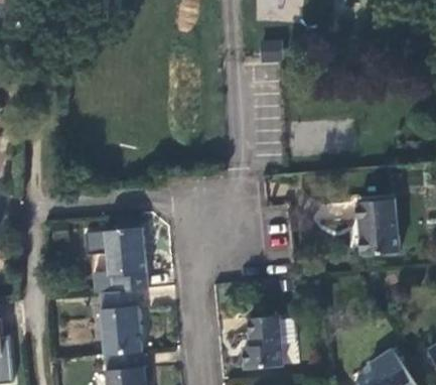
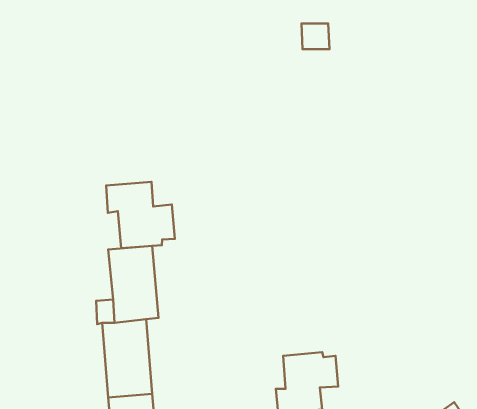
building: none -> [106,182,175,248]
building: [354,198,394,252] -> none

